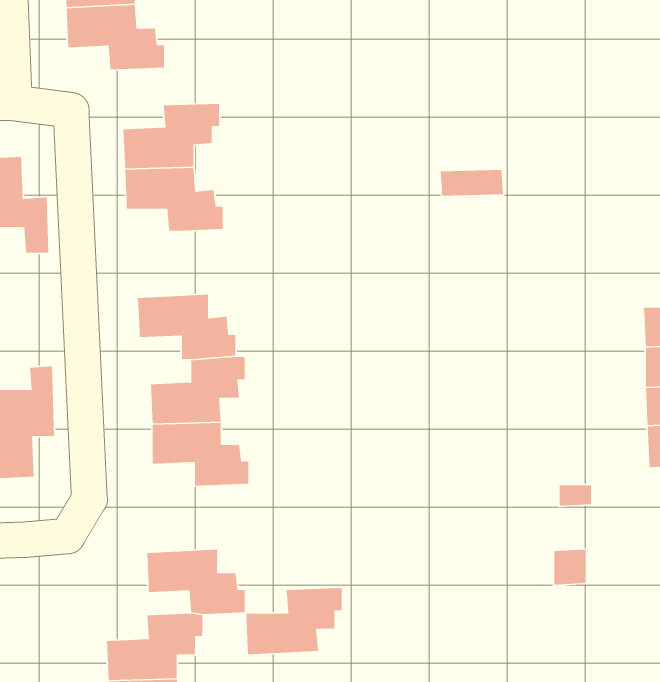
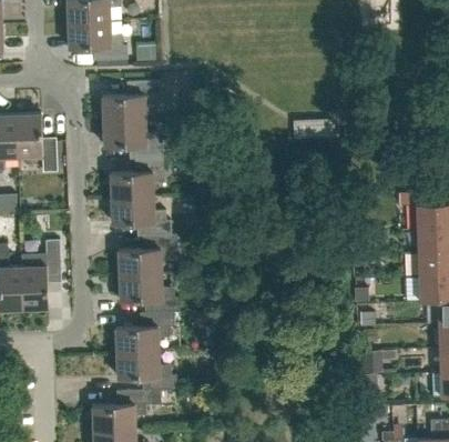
building: none -> [110,158,167,199]
building: [245,587,343,655] -> [114,312,173,353]

